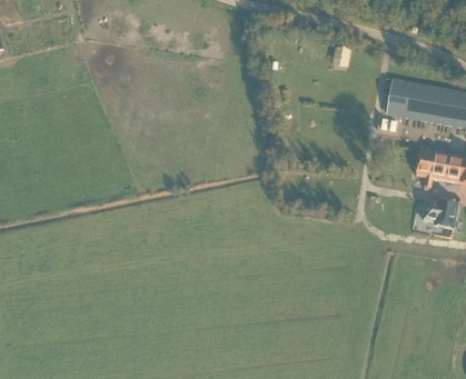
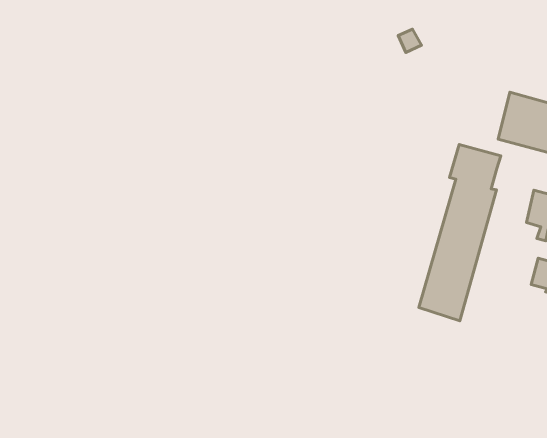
building: none -> [419,144,501,321]

